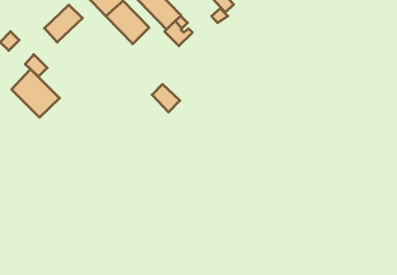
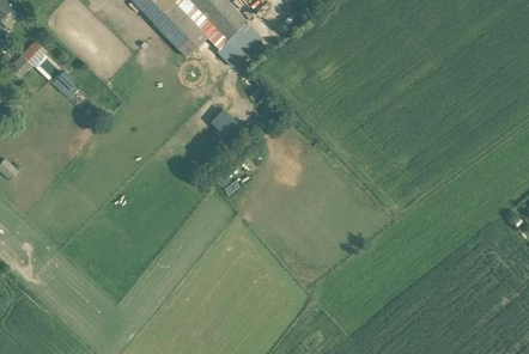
building: [44,5,83,42] -> none
building: [12,69,60,117] -> none

